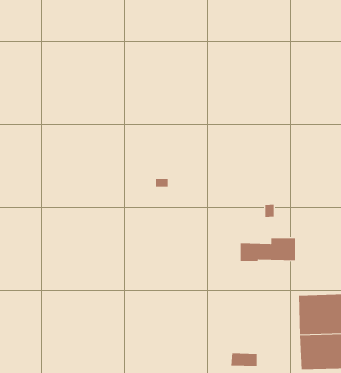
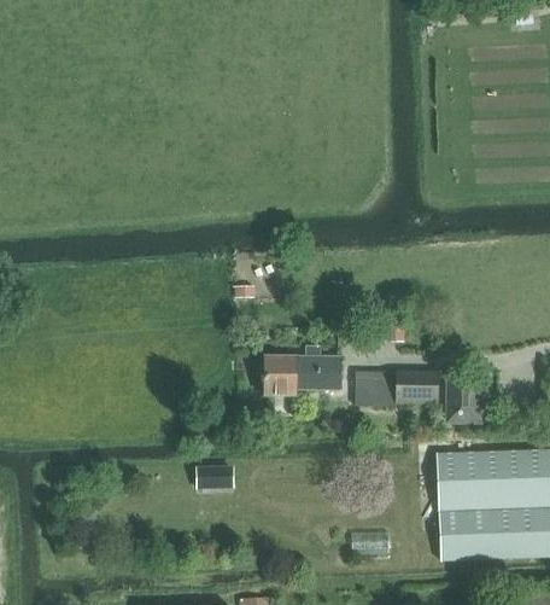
building: none -> [263,348,339,396]
building: none -> [447,380,480,430]
building: none -> [195,466,234,489]

